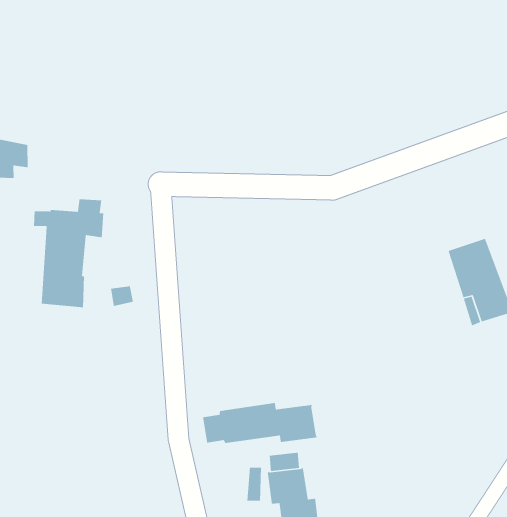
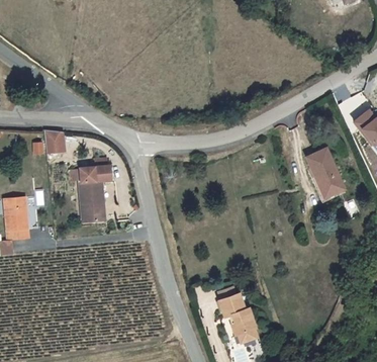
building: [202,402,318,444] -> none

